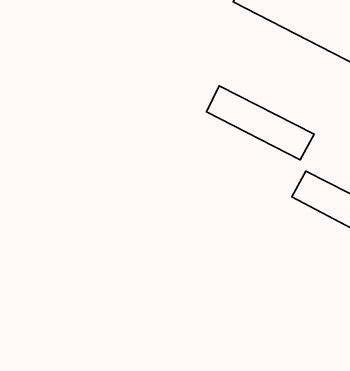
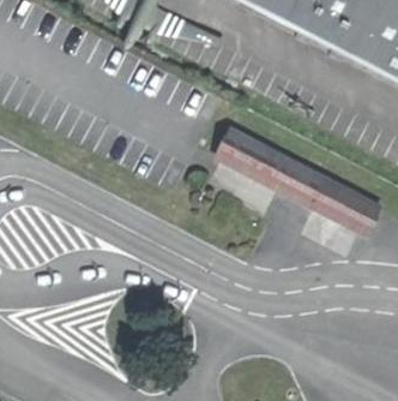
building: [206,86,314,160] -> [216,128,326,204]

